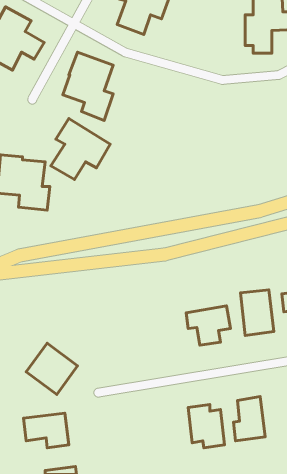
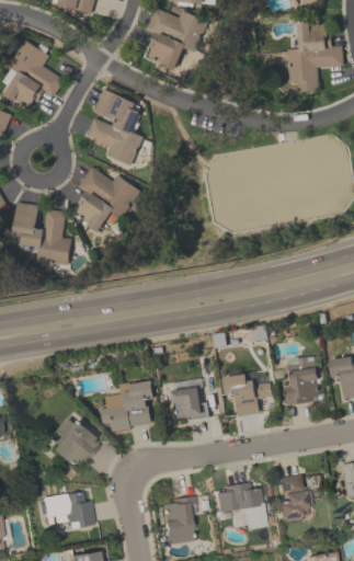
building: none -> [171,379,207,421]
building: none -> [100,380,155,431]
building: none -> [160,496,196,545]

